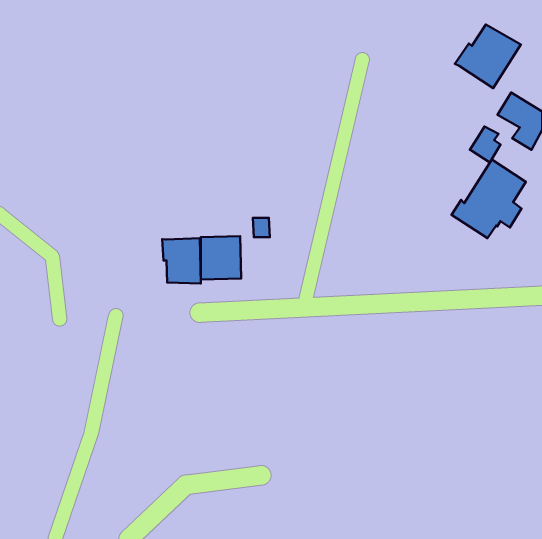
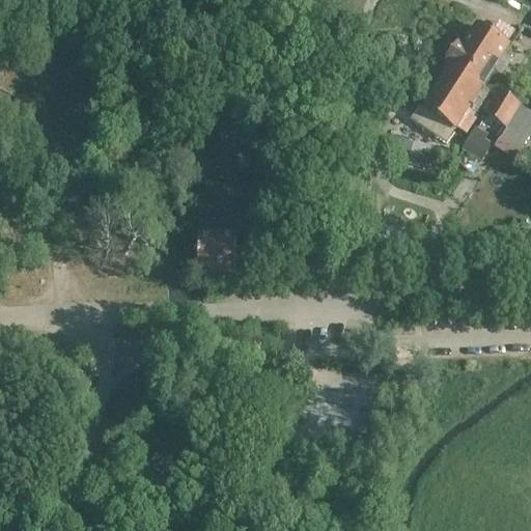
building: [452,160,526,238] -> [409,64,481,141]
building: [162,238,201,283] -> none

